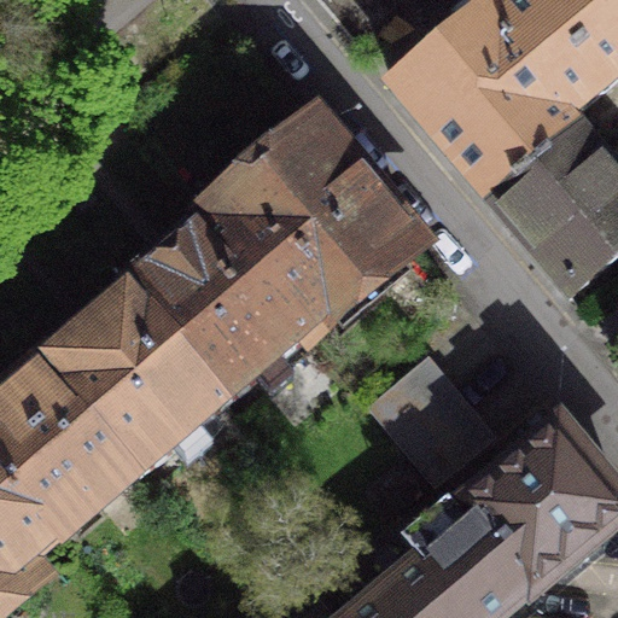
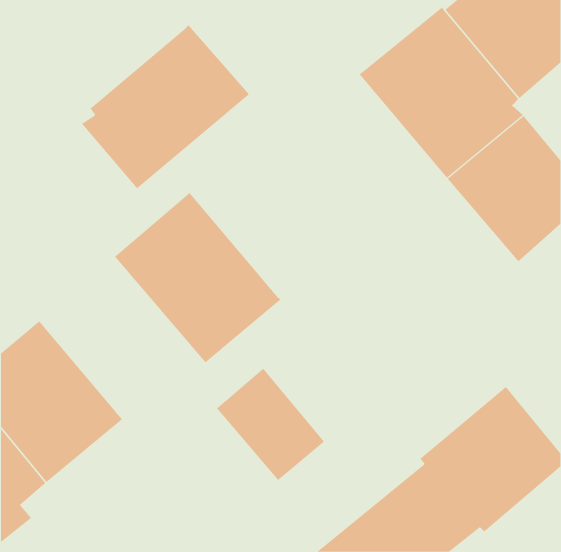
building: none -> [81,24,250,189]
building: [206,119,418,331] -> none
building: [43,282,226,468] -> none
building: [368,356,488,480] -> [216,368,325,481]

